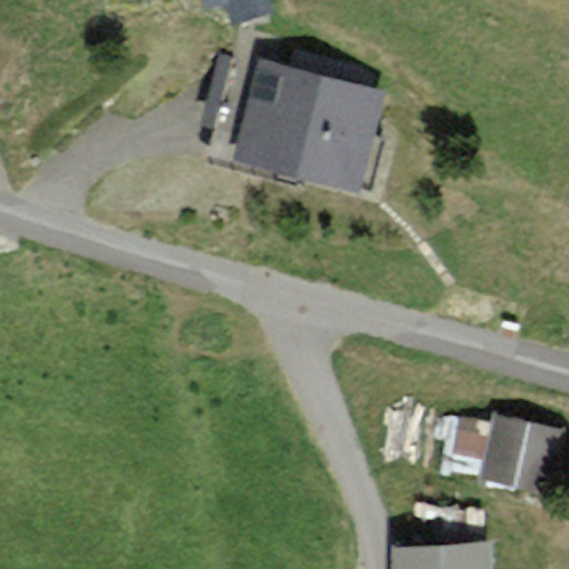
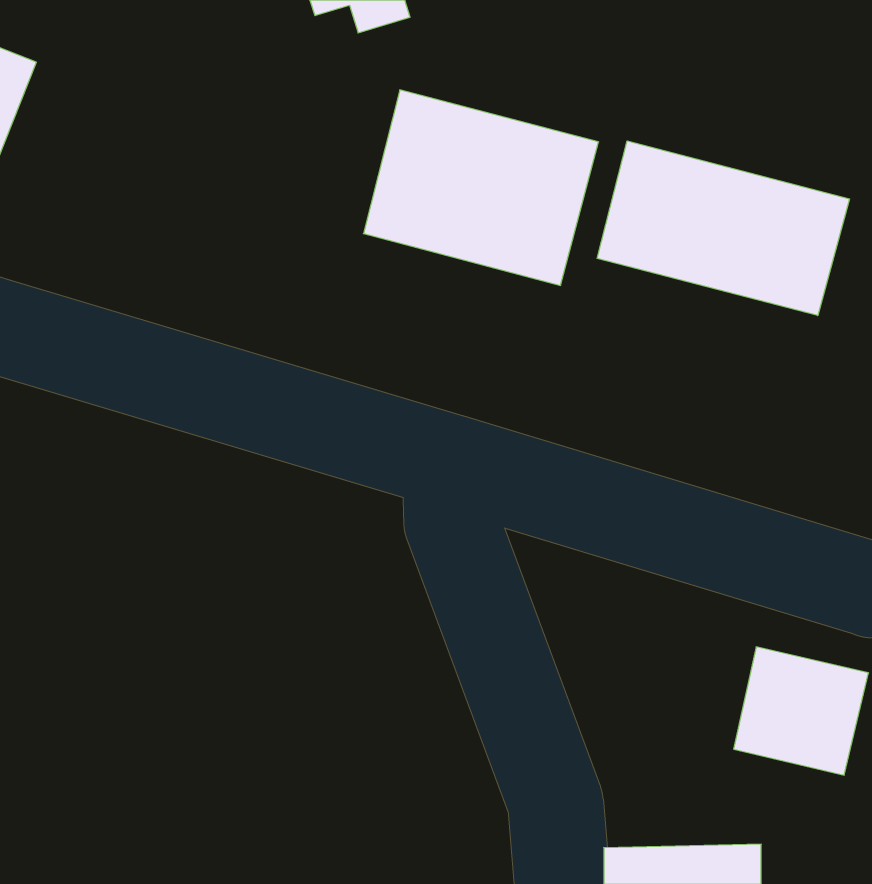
building: none -> [597,141,849,316]

